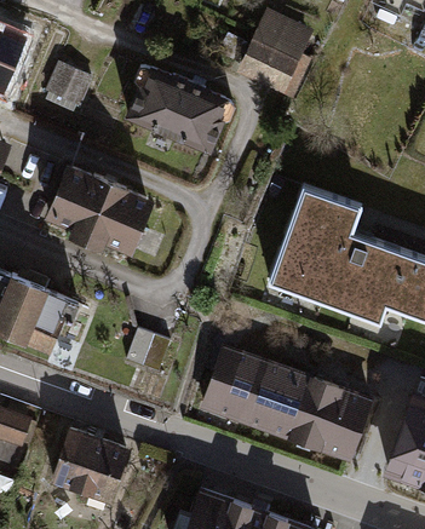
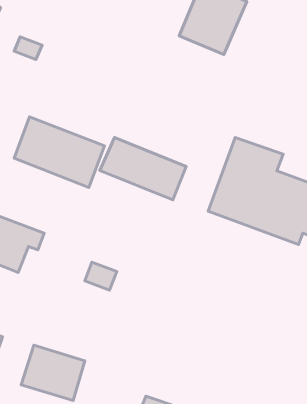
building: [131,68,231,140] -> [100,137,186,200]
building: [208,355,377,465] -> none

